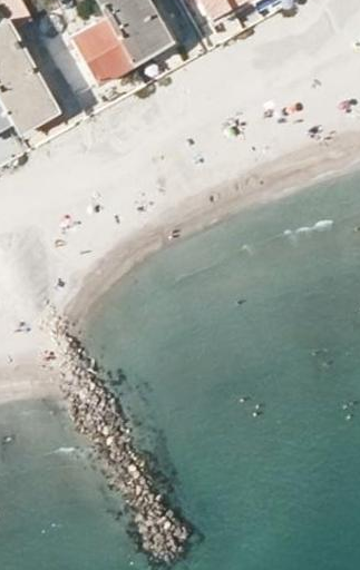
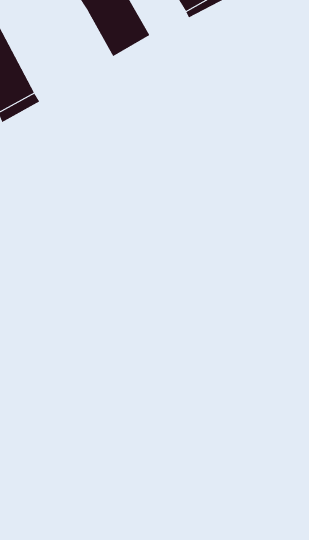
building: [70,14,134,82] -> none

